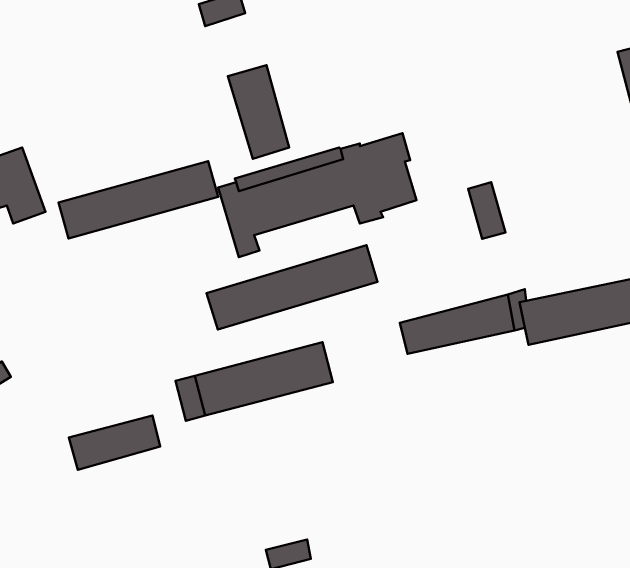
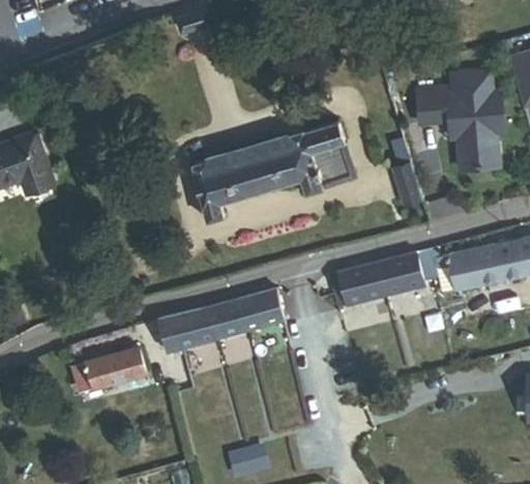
building: [228,65,289,159] -> none
building: none -> [417,71,509,171]
building: [58,161,218,239] -> none
building: [207,245,378,330] -> none

